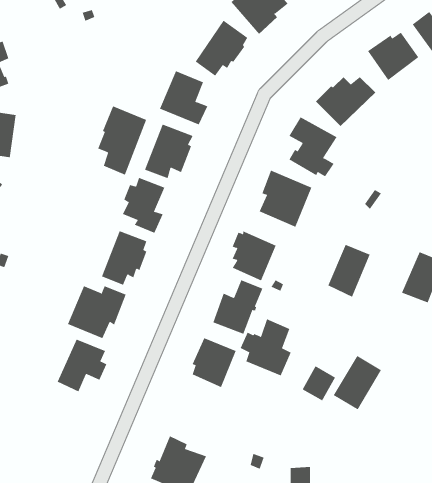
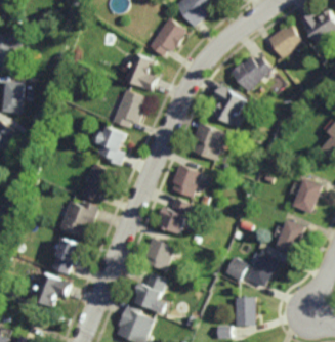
building: [97,105,147,175] -> none
building: [327,244,370,298] -> [273,218,302,255]
building: [240,318,292,376] -> [133,272,169,312]
building: none -> [30,272,72,307]
building: none -> [233,297,253,327]

